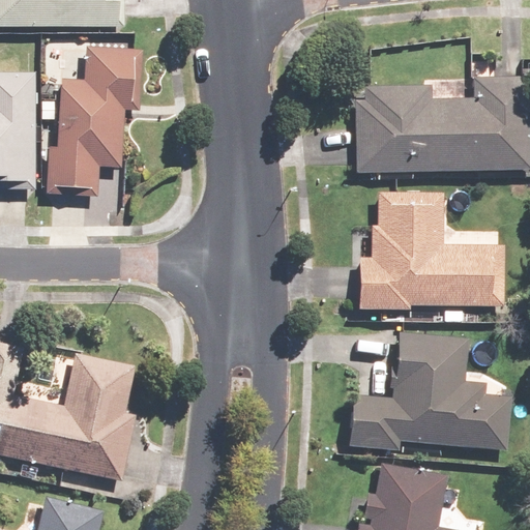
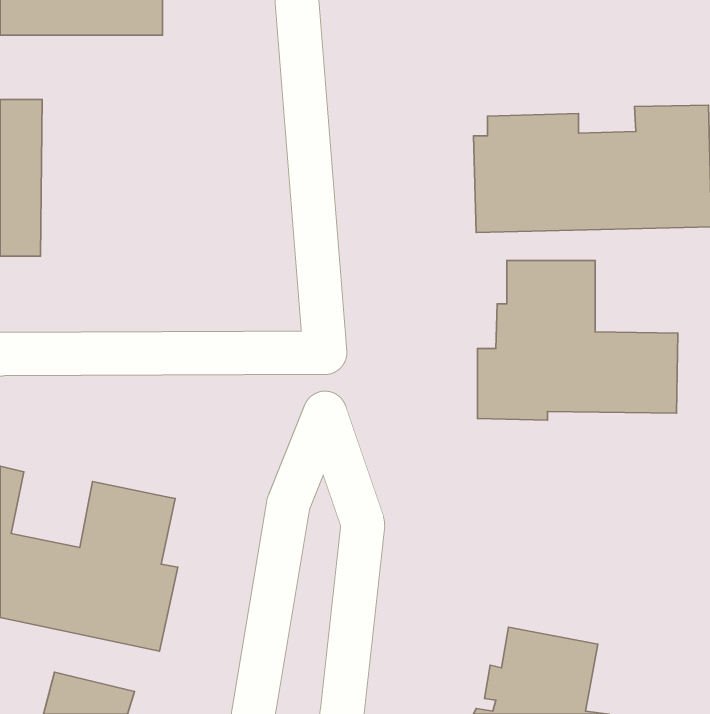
building: [46,45,142,196] -> none
building: [349,331,510,451] -> none

